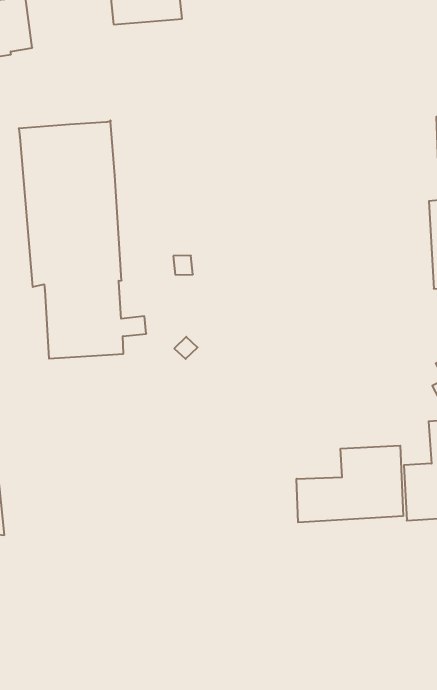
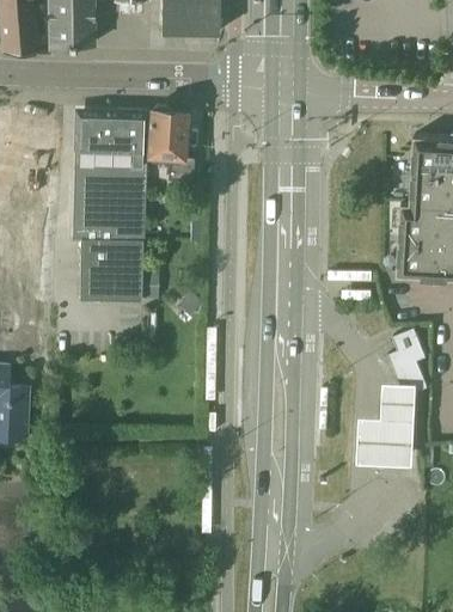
building: none -> [148,106,192,180]
building: [297,446,403,522] -> none

